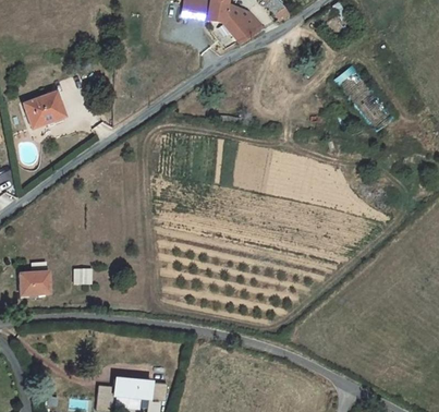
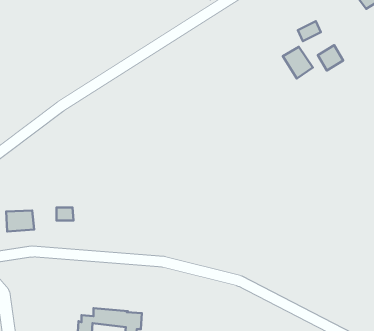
building: [23,92,64,128] -> none
building: none -> [283,47,313,78]

